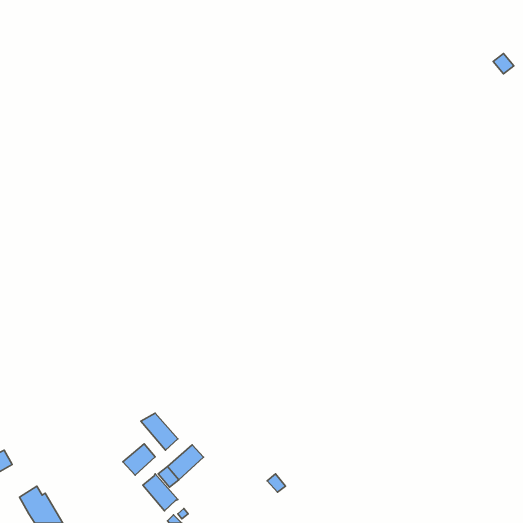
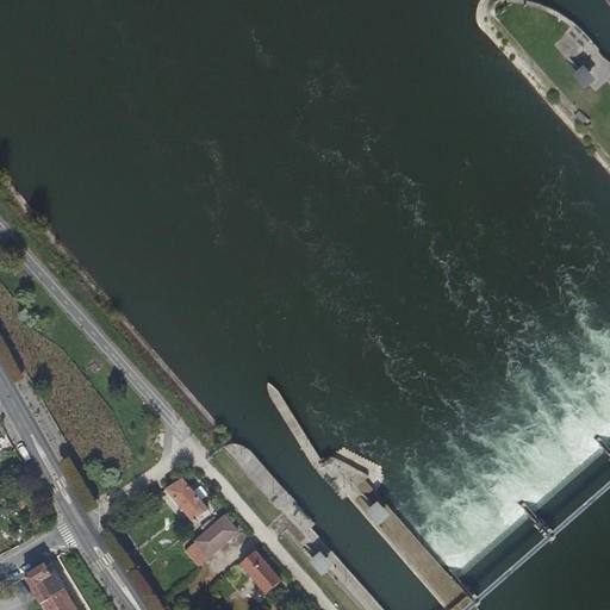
building: [123,444,155,475] -> none
building: [143,474,178,511] -> [241,550,281,593]

